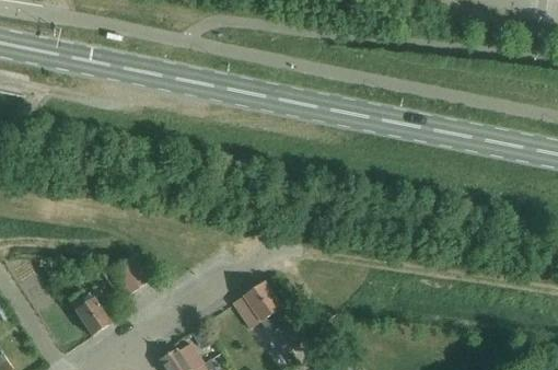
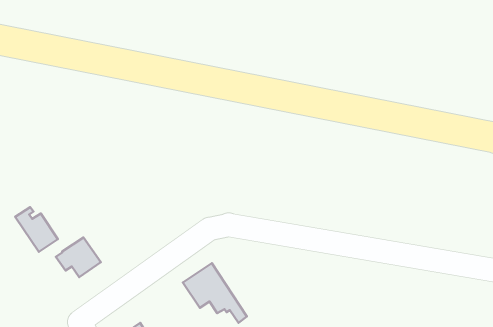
building: [69,291,113,337] -> [15,207,58,252]

